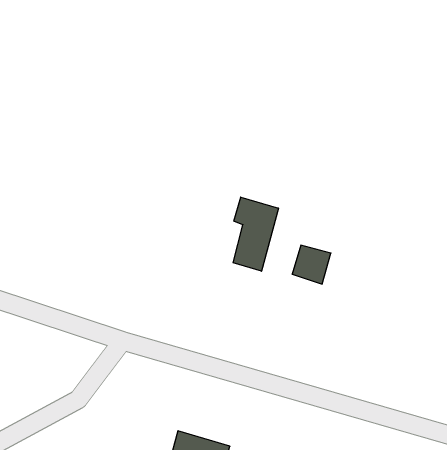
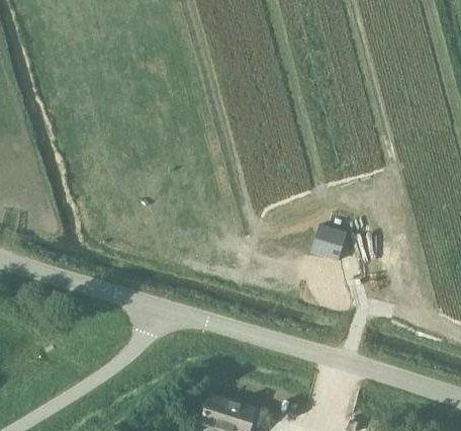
building: [233,197,278,271] -> none

